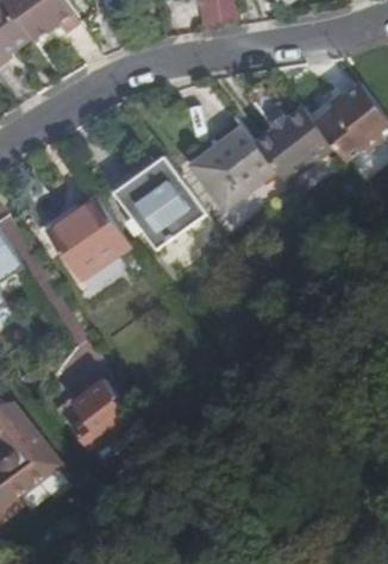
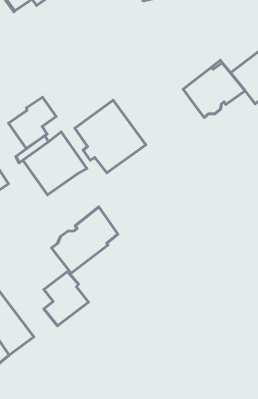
building: [189,127,273,207] -> none
building: none -> [9,97,56,148]
building: none -> [51,207,118,273]

